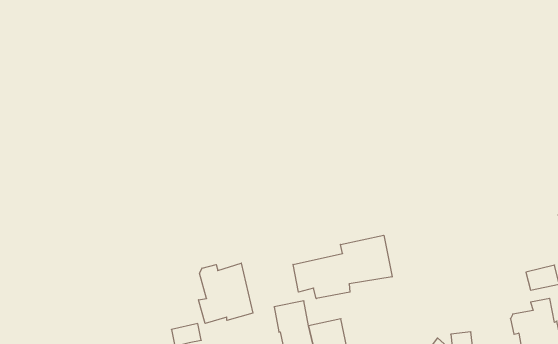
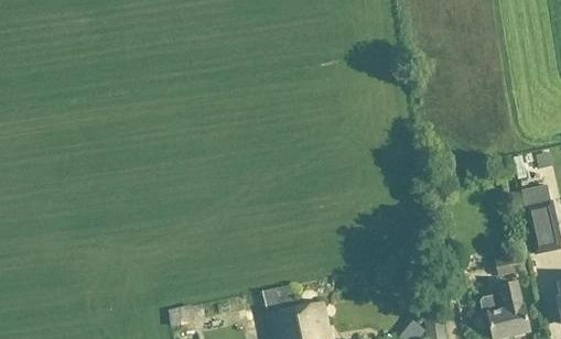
building: [293,235,392,299] -> none
building: [199,263,253,323] -> none

